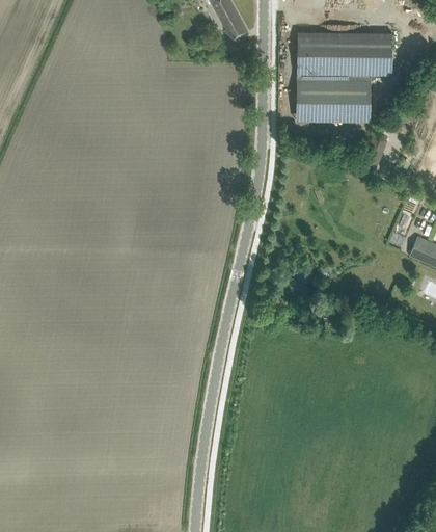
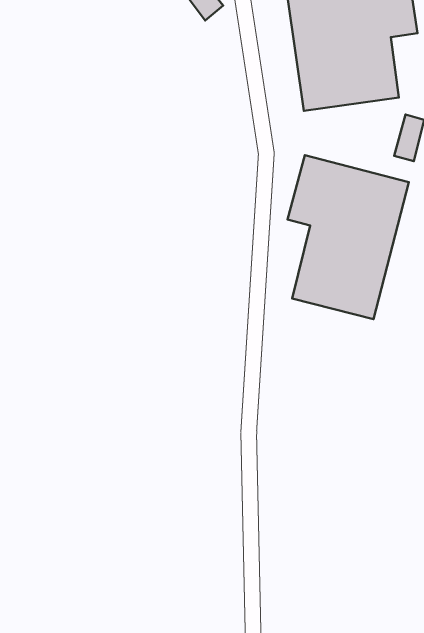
building: none -> [287,155,409,319]

